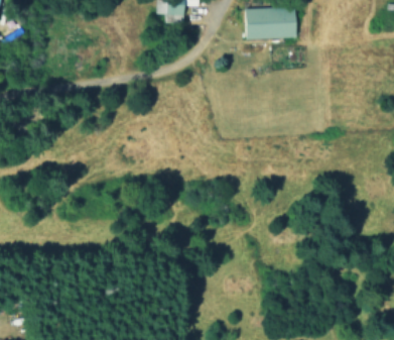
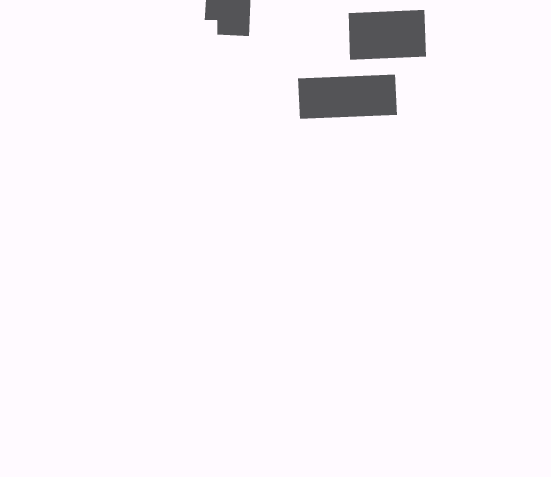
building: none -> [297,74,398,120]

